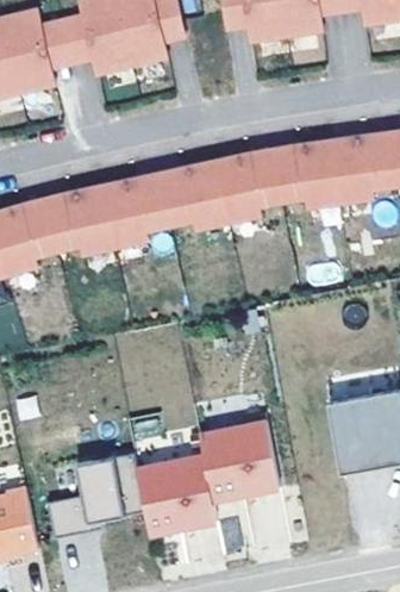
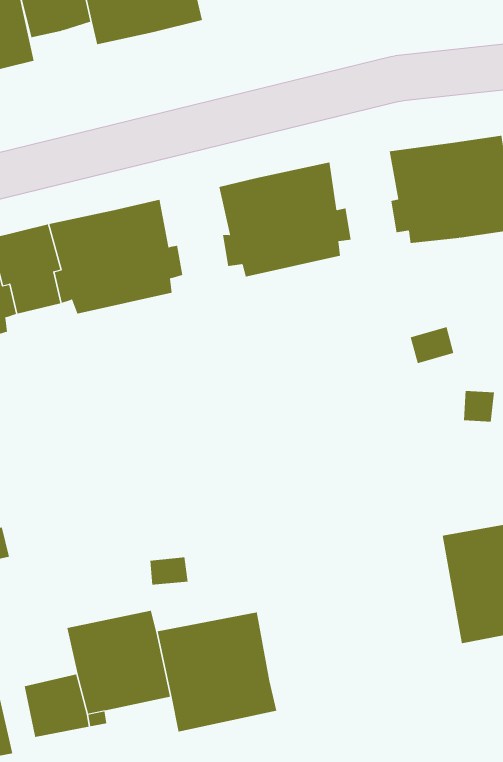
building: [252,144,298,204] -> none
building: [138,168,185,228] -> none
building: [199,420,279,500] -> none

